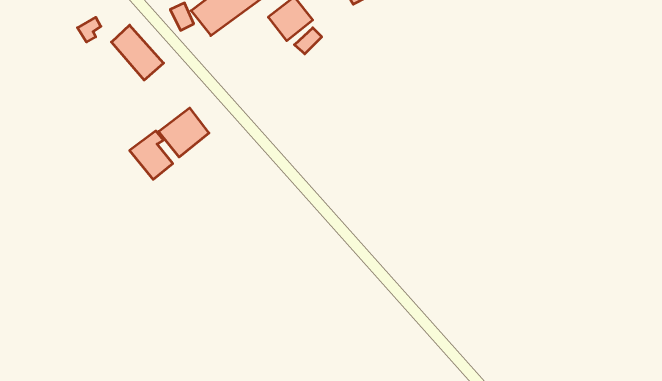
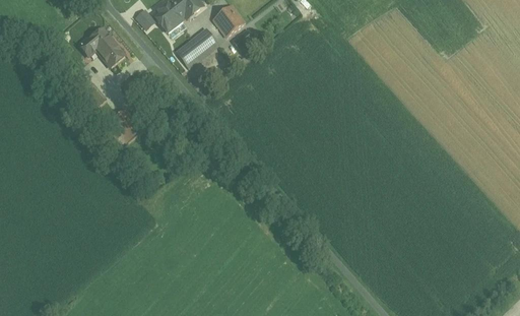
building: none -> [174,27,217,67]
building: [159,108,209,157] -> none

